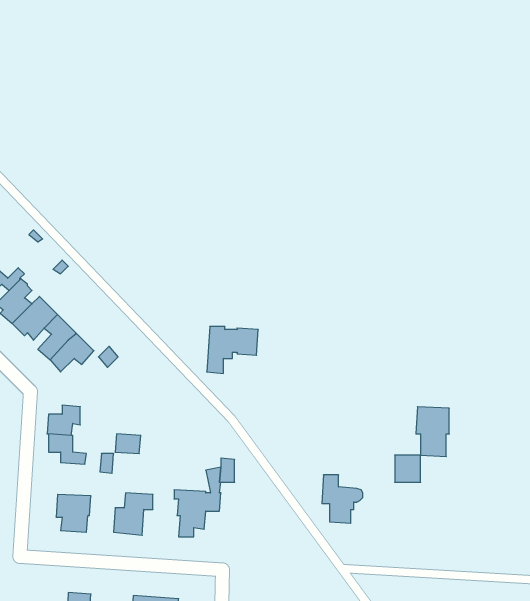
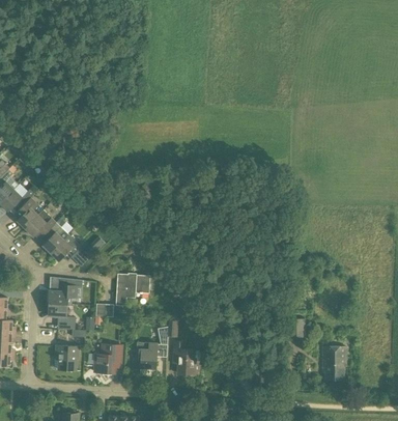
building: [207,327,258,373] -> [115,274,150,306]
building: [416,407,449,457] -> [322,345,345,380]
building: [322,475,363,523] -> [173,341,201,374]

